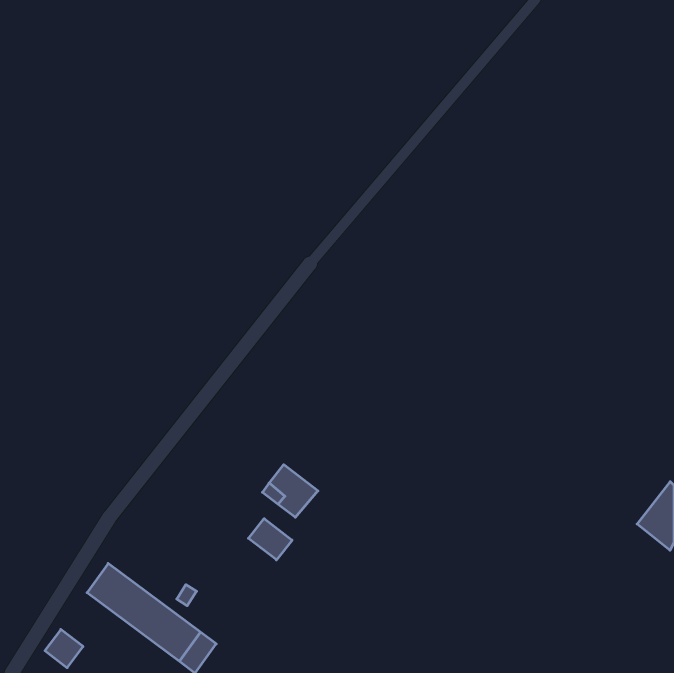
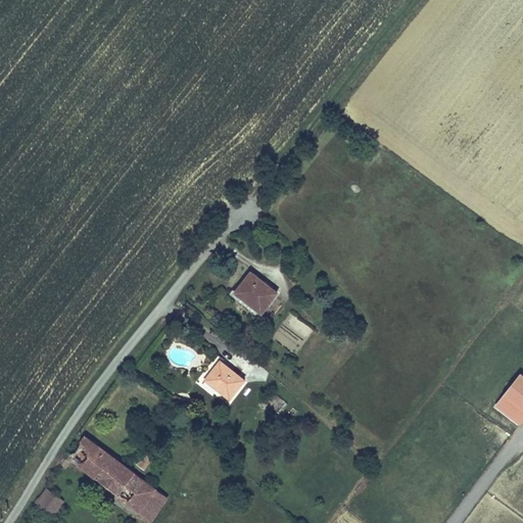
building: none -> [234,272,278,315]
building: [248,519,292,560] -> none

